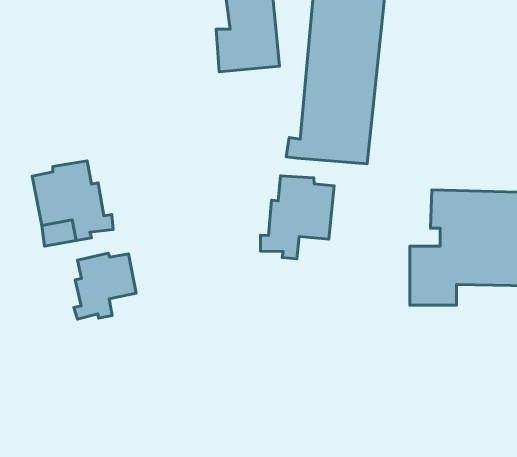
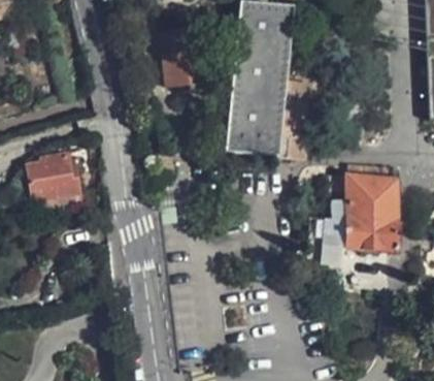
building: [260,176,334,259] -> none
building: [74,253,136,319] -> none

